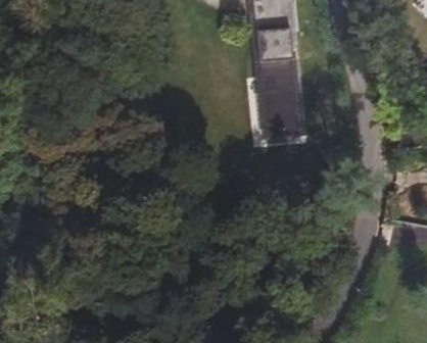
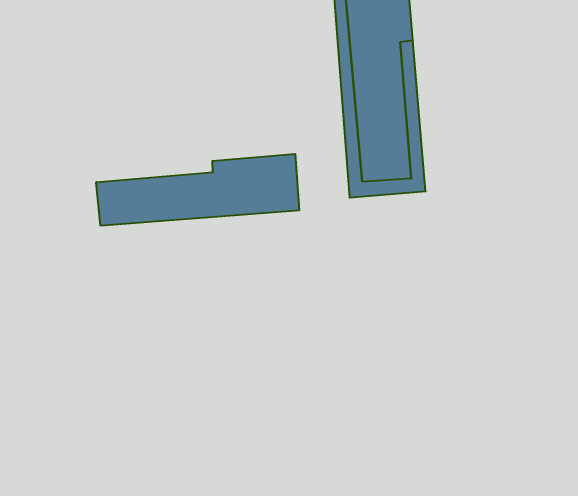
building: none -> [96,154,299,226]

